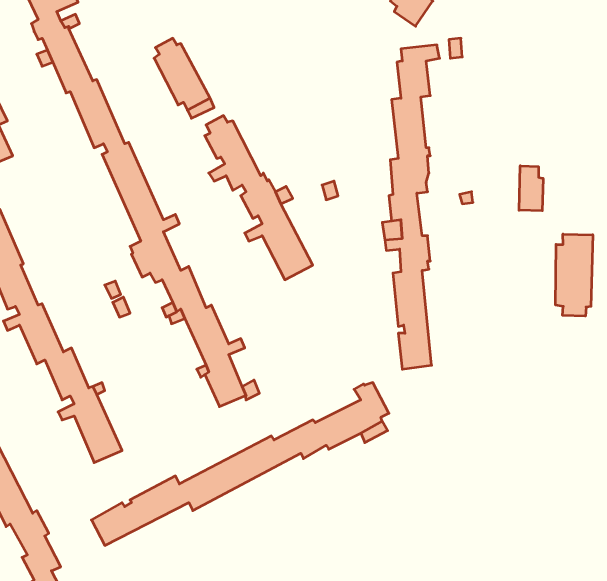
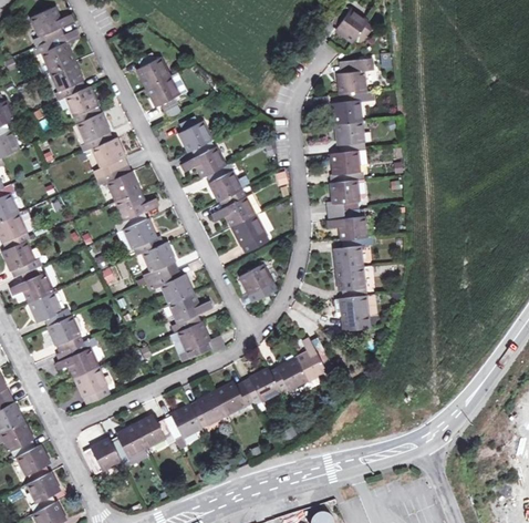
building: [519,166,543,211] -> none
building: [556,234,593,316] -> none
building: none -> [239,264,276,299]

